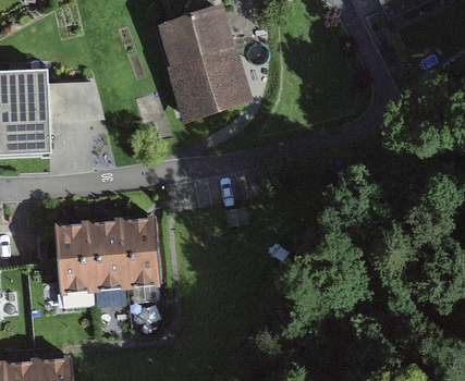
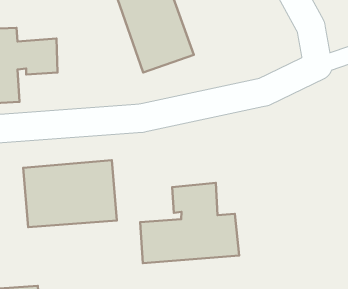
building: none -> [140,183,239,263]

